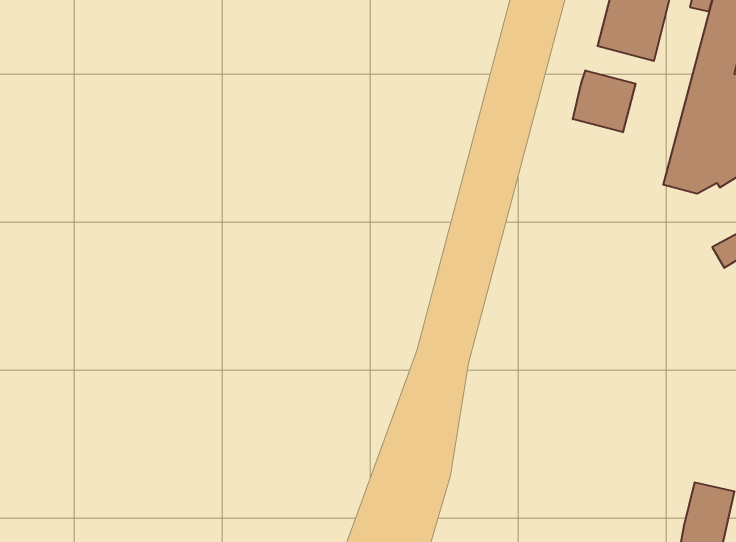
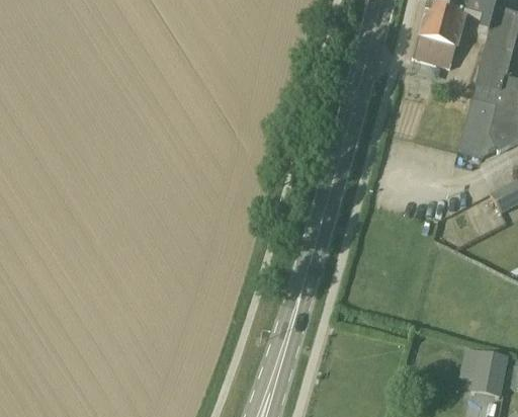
building: [573,70,636,132] -> none

